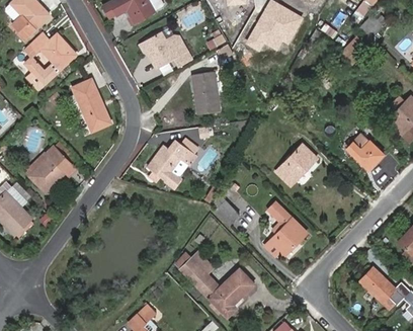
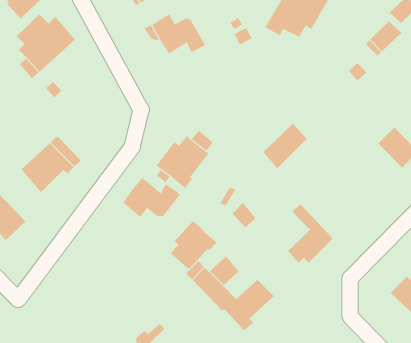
building: [192,72,219,114] -> none
building: [69,79,110,131] -> none
building: [276,145,317,186] -> [262,123,308,169]
building: none -> [122,177,181,218]
building: none -> [170,221,218,270]

